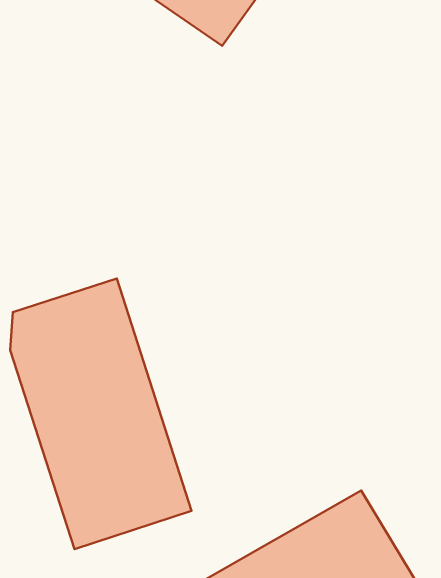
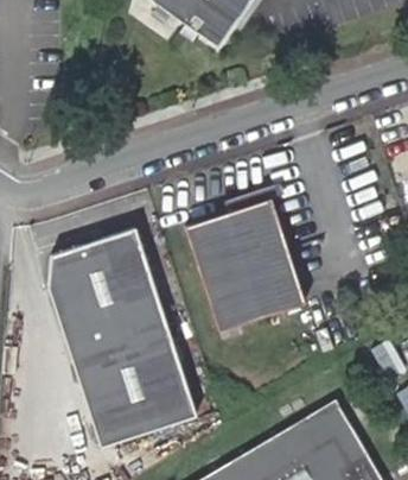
building: none -> [184,198,299,314]

